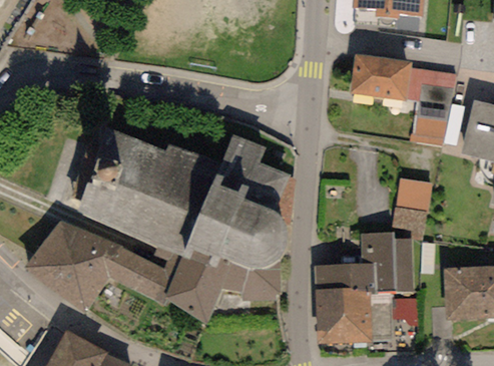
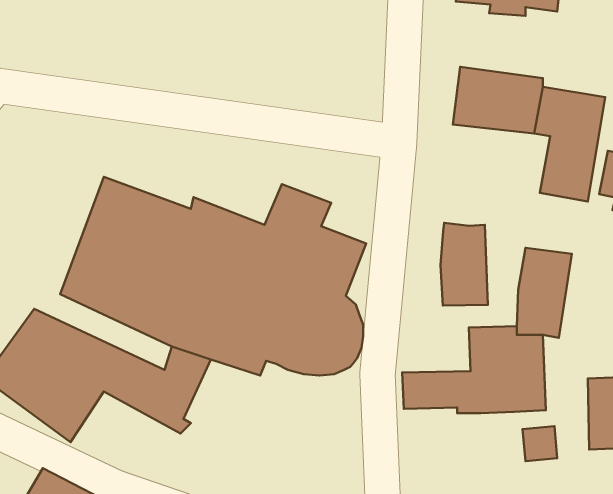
building: none -> [441,223,488,305]
building: [163,256,281,324] -> none
building: [316,289,393,343] -> none

